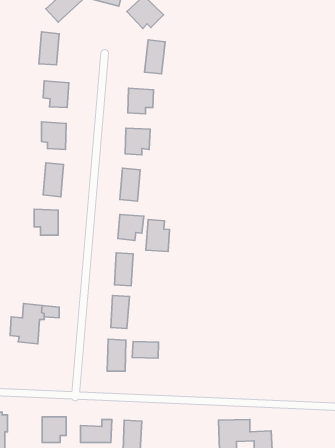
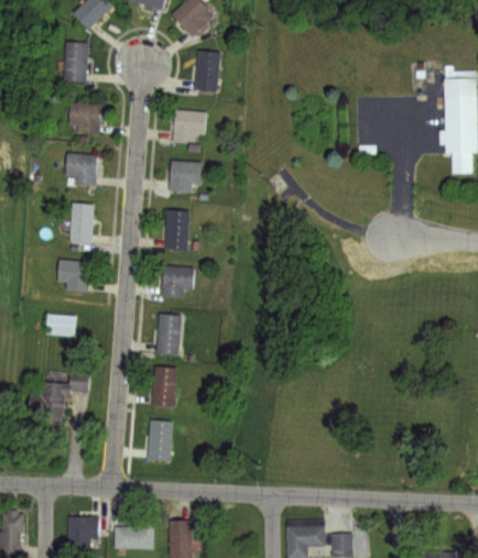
building: [146,220,170,252] -> none
building: none -> [45,315,74,338]
building: [132,342,158,358] -> none

